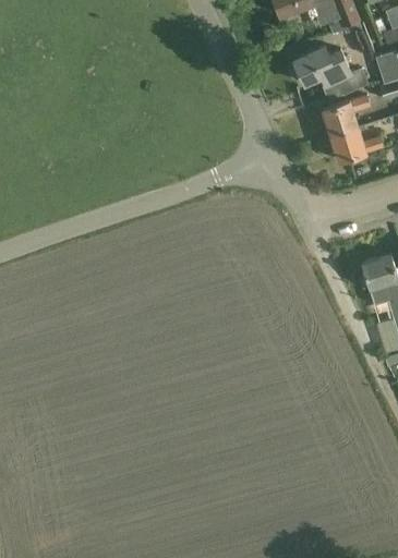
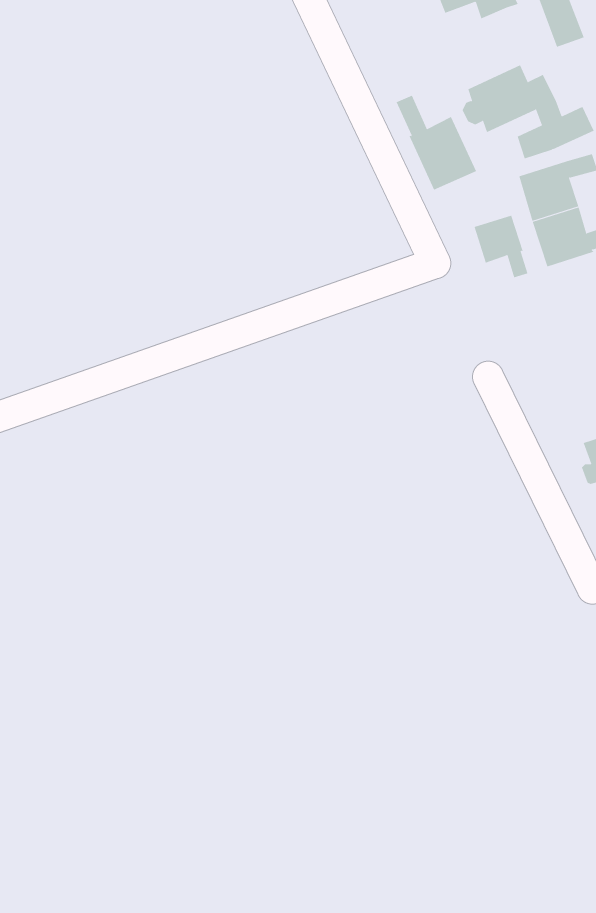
building: none -> [396,95,477,191]
building: none -> [474,215,528,278]

